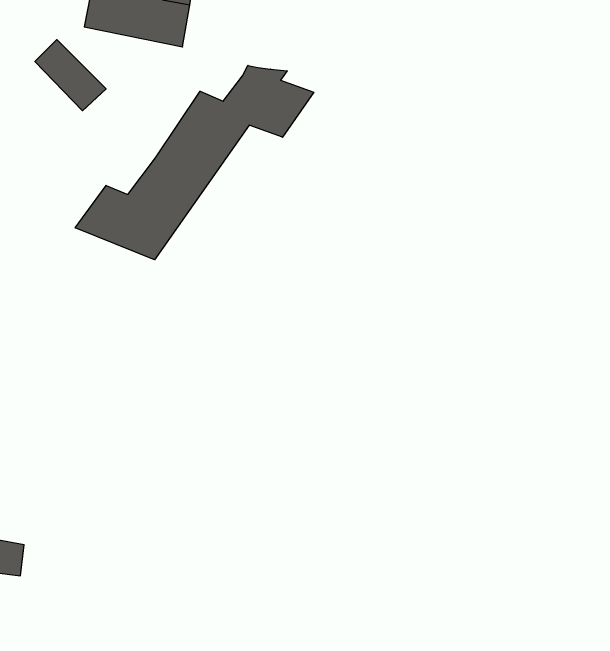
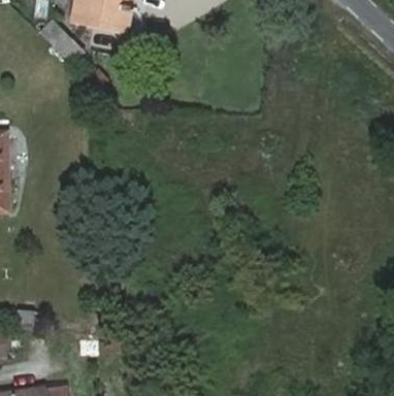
building: [75,65,314,260] -> none

